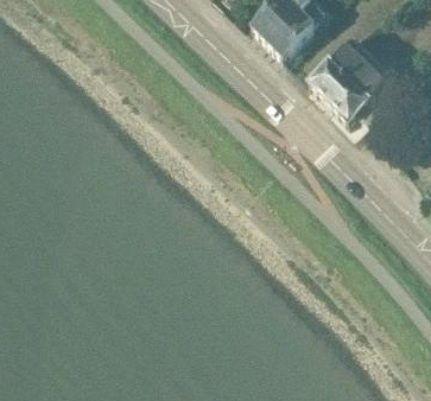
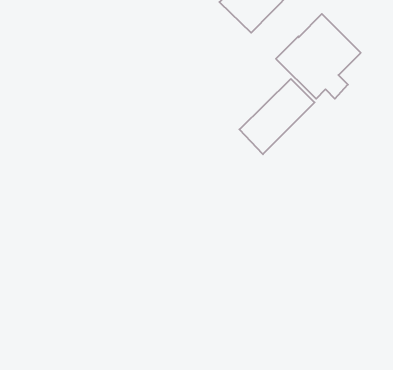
building: none -> [239,79,315,154]

